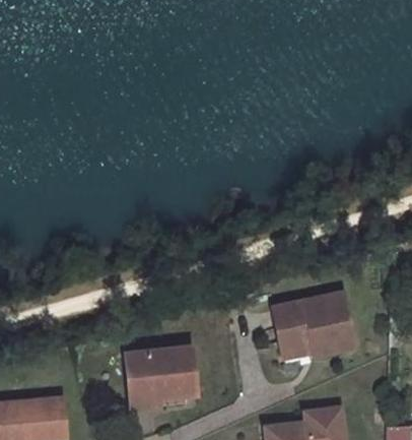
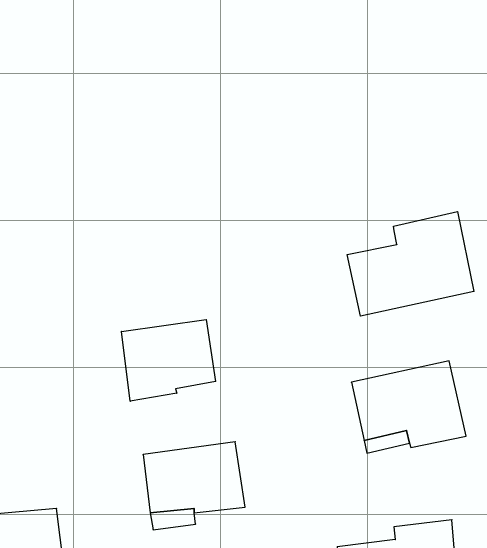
building: none -> [347,212,474,316]
building: none -> [121,320,216,401]

